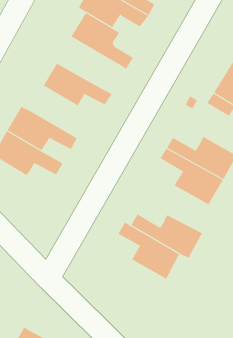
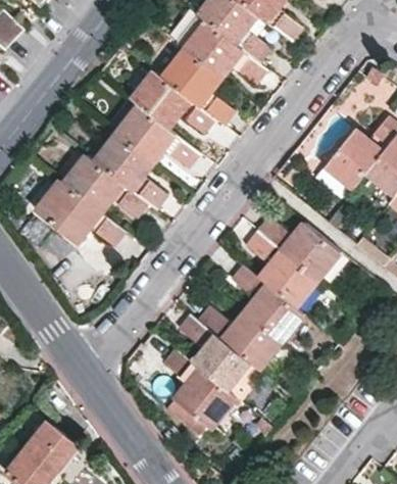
building: none -> [128,66,214,131]
building: none -> [92,128,165,206]
building: none -> [229,264,305,343]
building: none -> [162,348,238,428]

